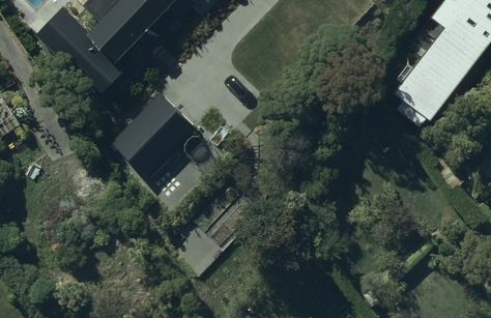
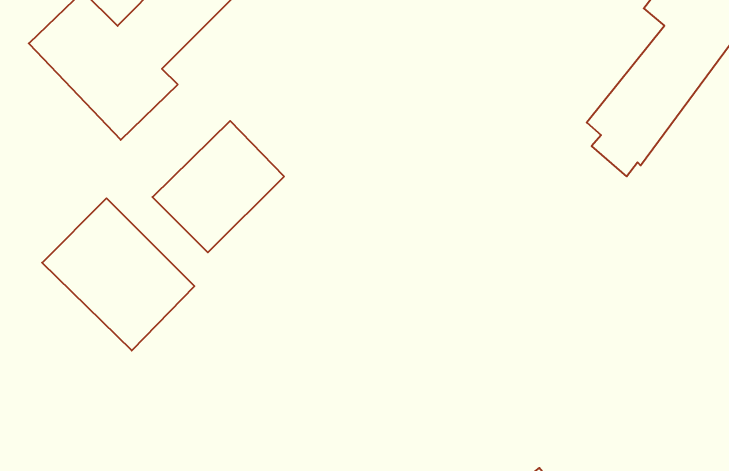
building: none -> [42,198,194,351]

